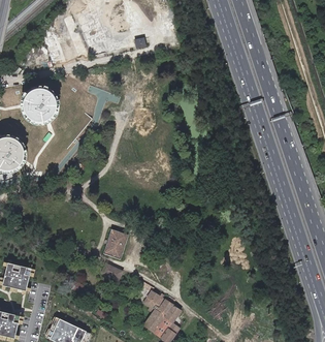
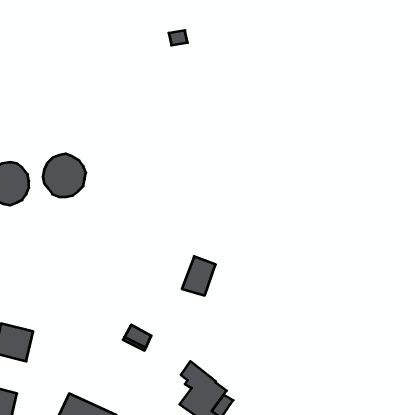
building: [28,90,61,123] -> [43,154,86,197]
building: [102,229,128,259] -> [182,256,216,295]

